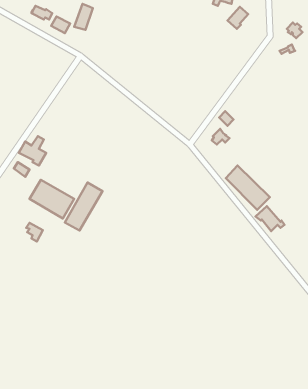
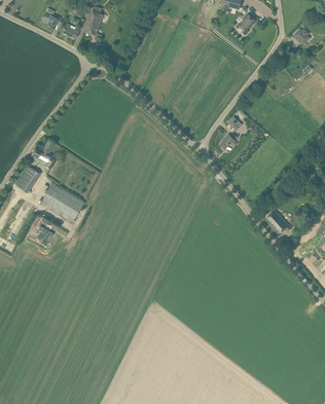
building: [226,165,270,210] -> none
building: [65,183,103,230] -> none

